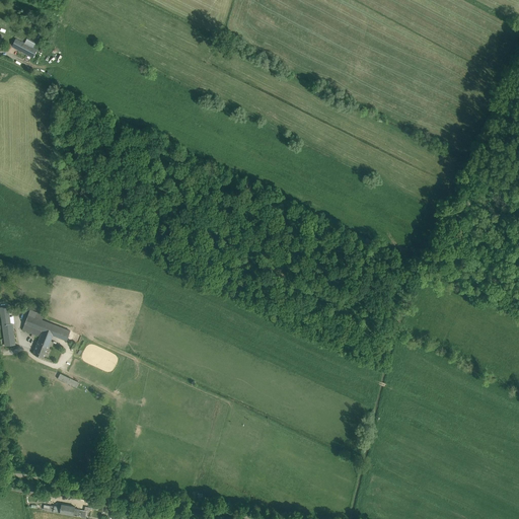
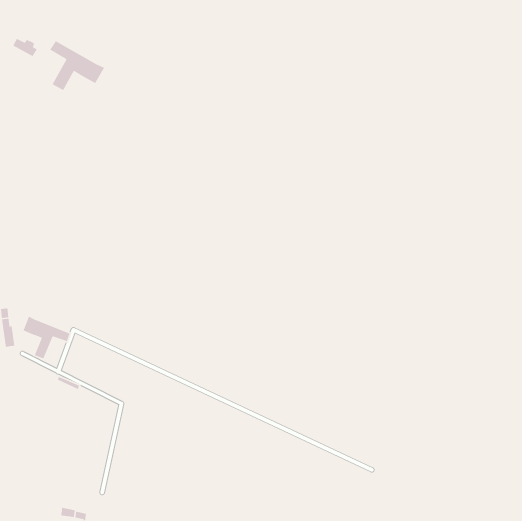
building: none -> [49,40,105,91]

